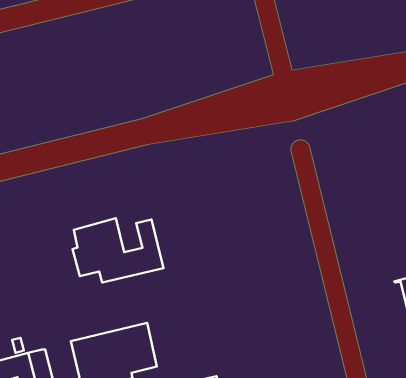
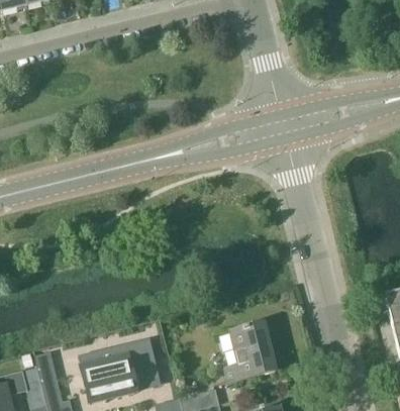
building: [73,218,164,283] -> none
building: none -> [224,322,275,381]

